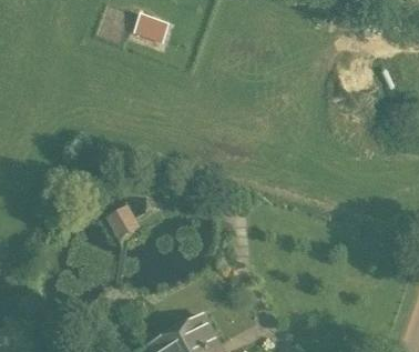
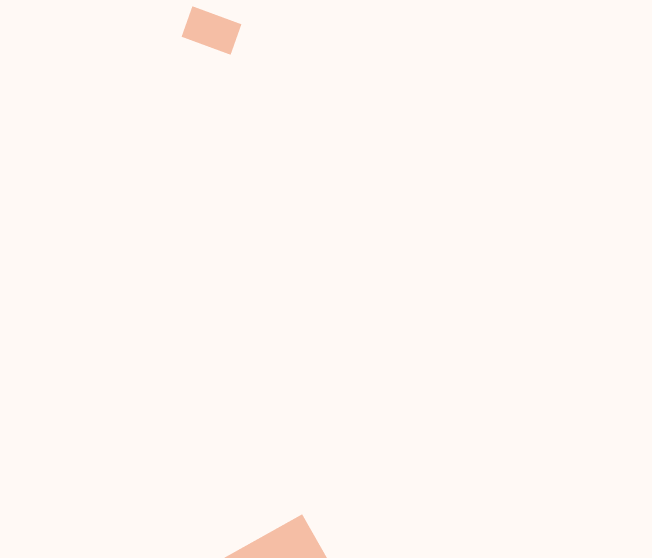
building: [104,203,137,237] -> none

